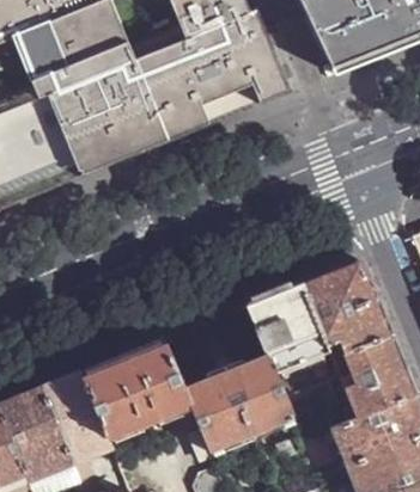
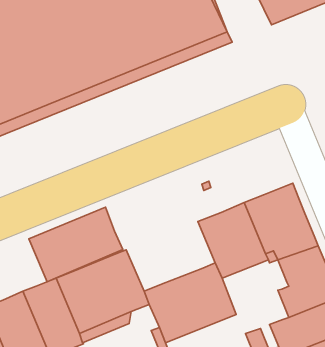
building: none -> [29,207,123,282]

